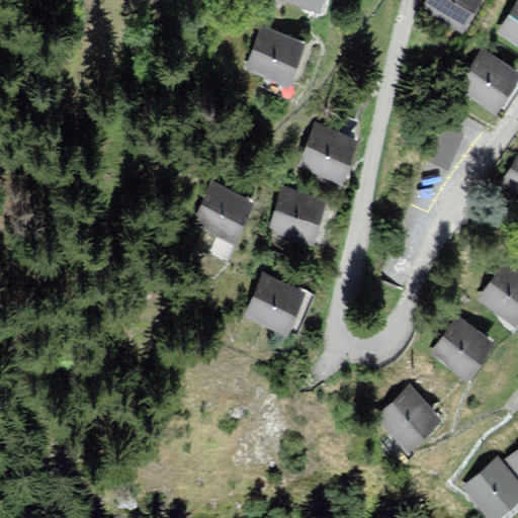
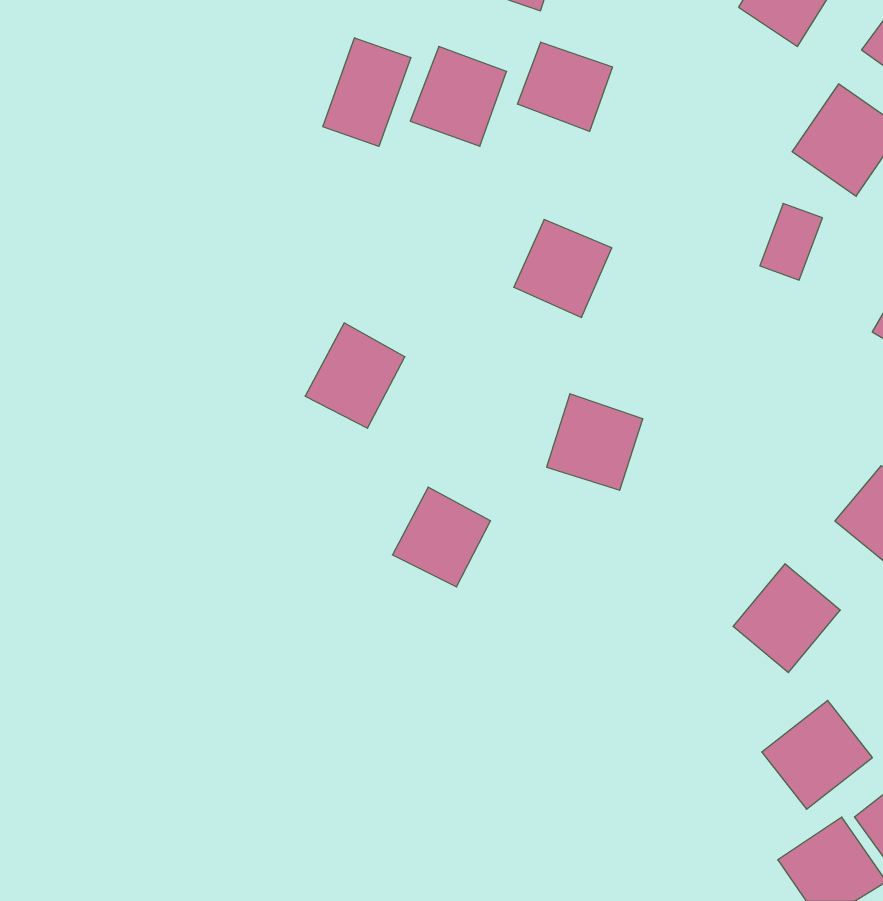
building: none -> [323,38,411,146]
building: none -> [518,42,613,131]
building: [273,187,328,242] -> [547,394,643,490]
building: [365,391,428,452] -> [762,700,872,809]

